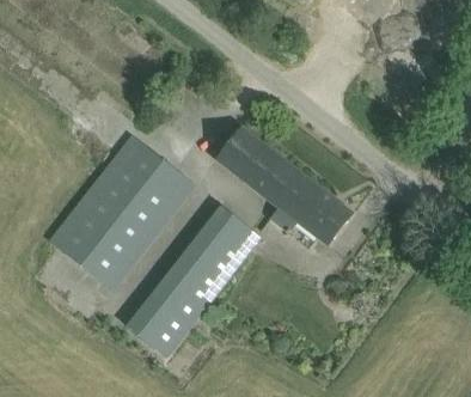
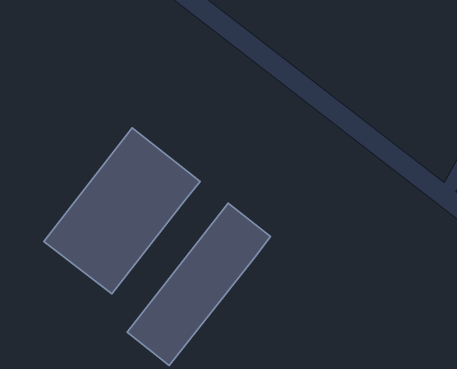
building: [214,124,353,243] -> none

